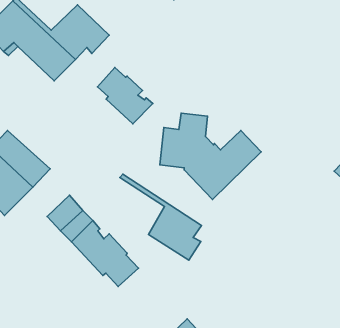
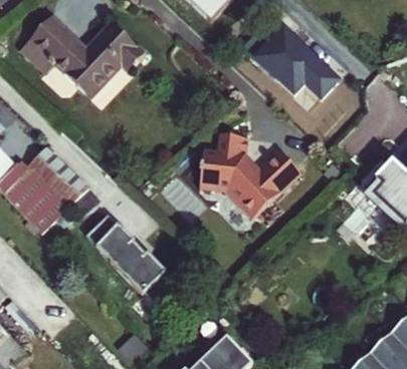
building: none -> [249,25,339,98]
building: [98,68,153,124] -> none
building: [120,174,201,260] -> none

